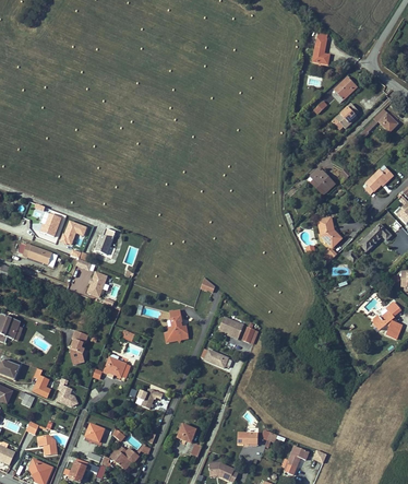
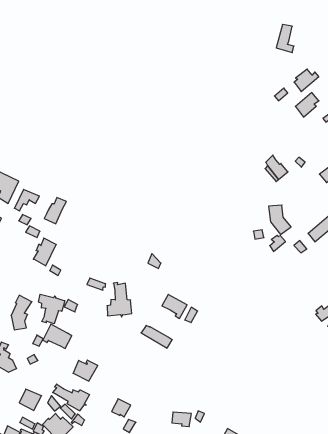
building: none -> [38,294,65,324]
building: none -> [53,384,90,411]

